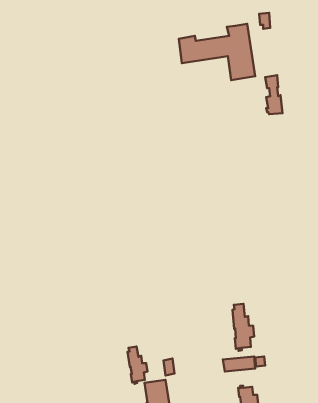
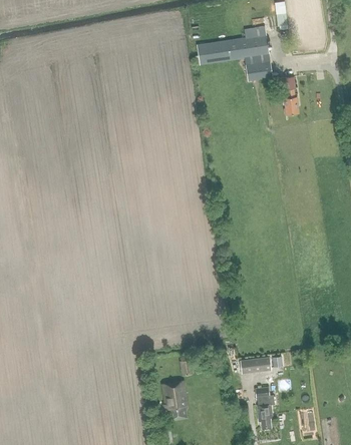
building: [233,304,254,351] -> none
building: [128,347,147,384] -> none

